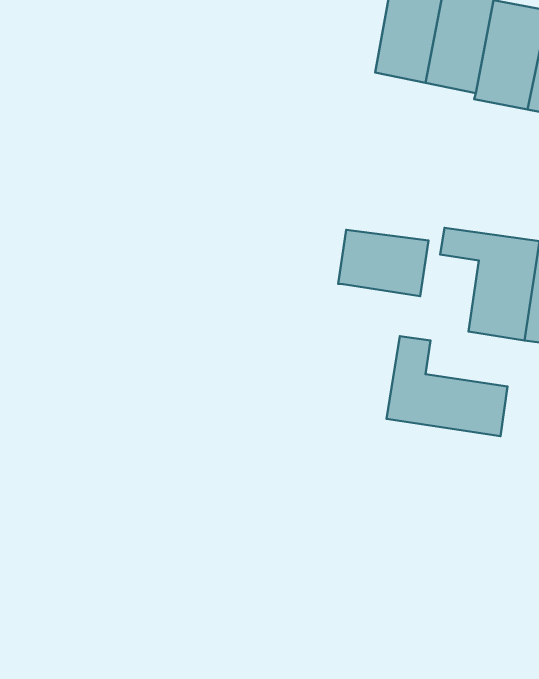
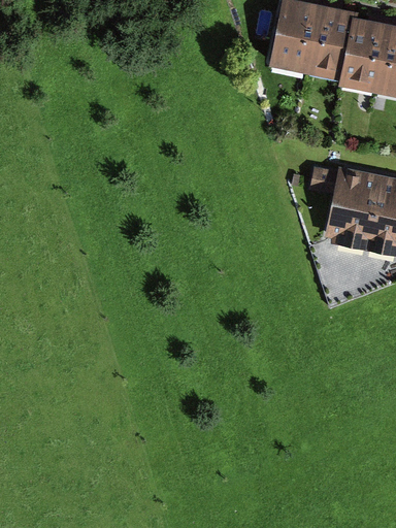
building: [338,230,429,296] -> none
building: [386,336,507,436] -> none

